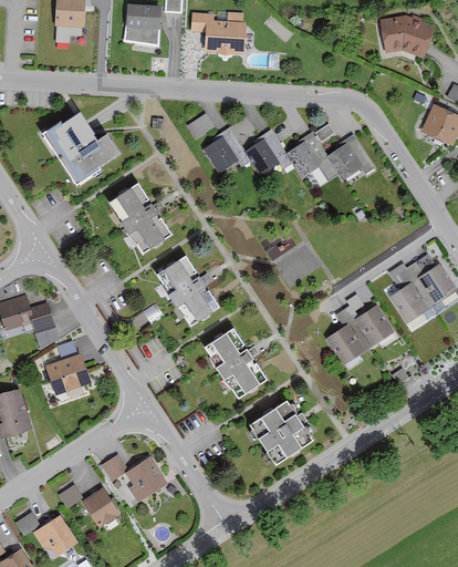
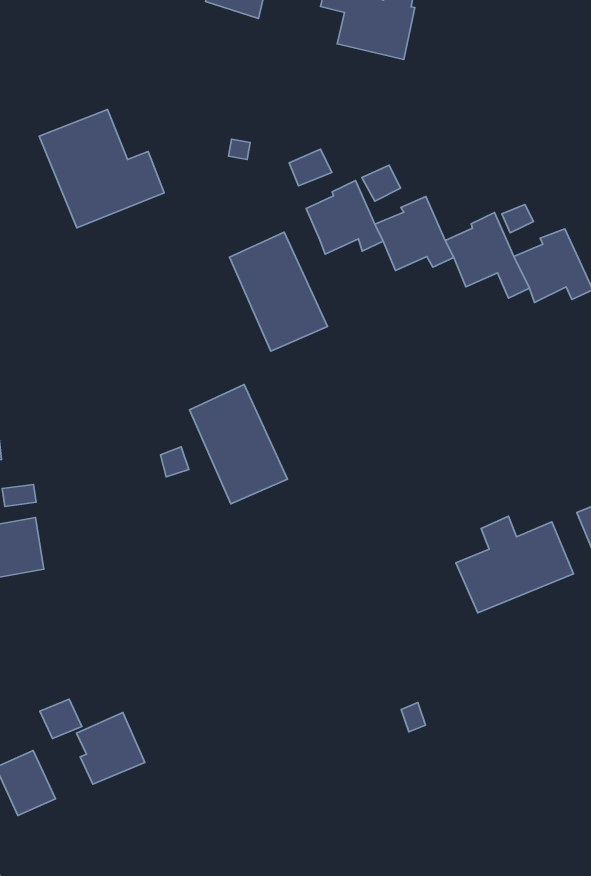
building: [108,184,171,254] -> [230,232,327,351]
building: [201,328,264,398] -> none
building: [248,399,313,464] -> none

